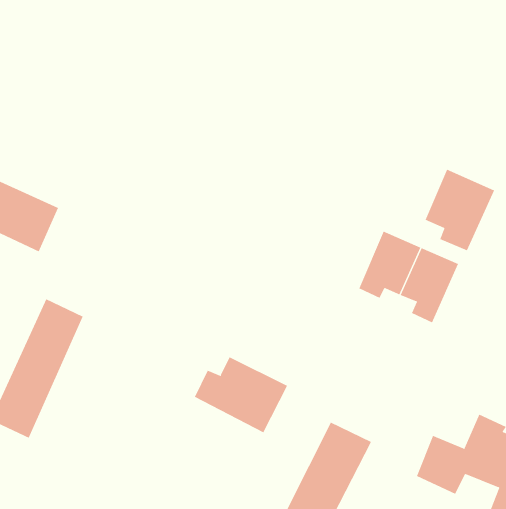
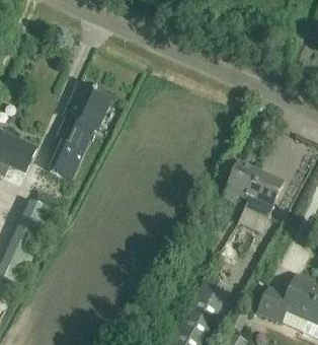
building: none -> [47,84,110,180]
building: [425,169,495,251] -> none
building: [194,357,288,433] -> none

